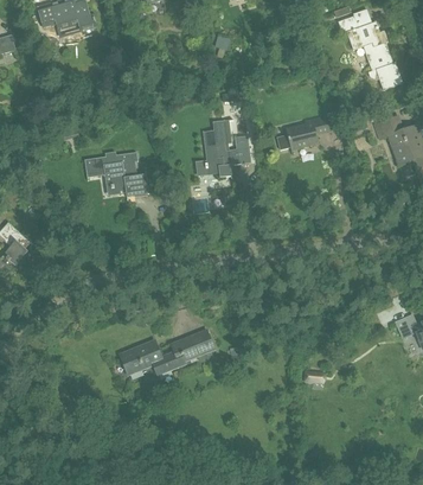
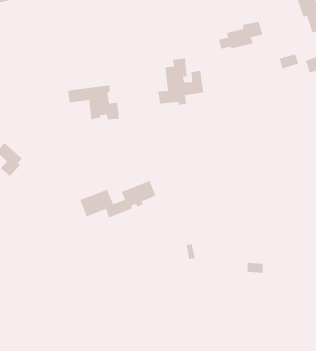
building: [276,114,331,148] -> [219,21,263,49]
building: [120,328,213,375] -> [79,180,156,218]

